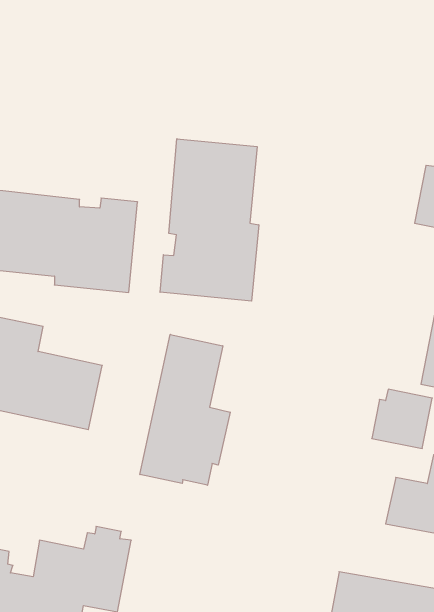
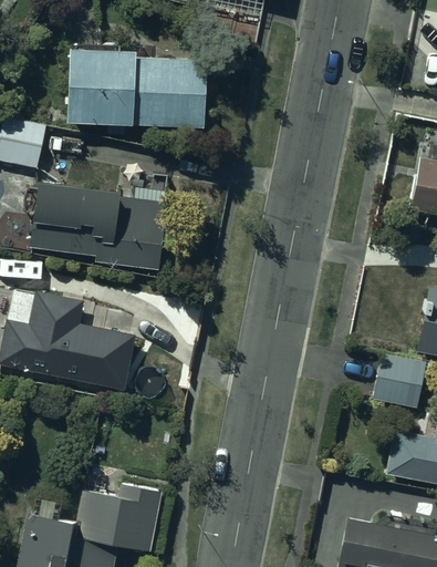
building: none -> [64,43,207,130]
building: [160,139,259,301] -> none
building: [140,334,230,485] -> none

